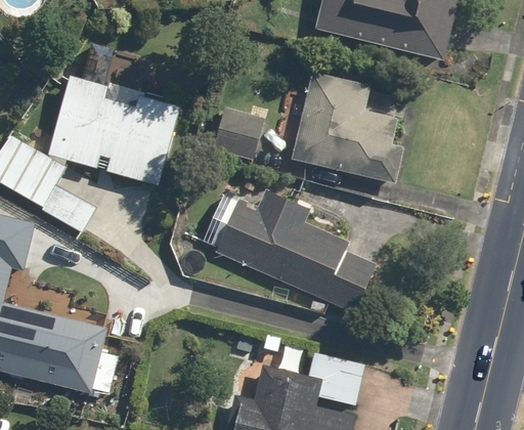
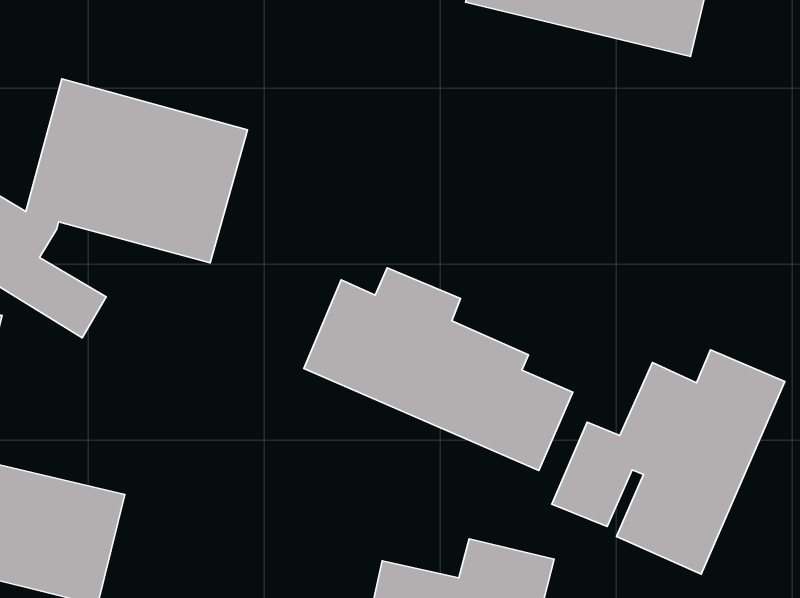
building: [292,72,403,182] -> none
building: [211,106,263,161] -> none
building: none -> [552,350,785,574]

